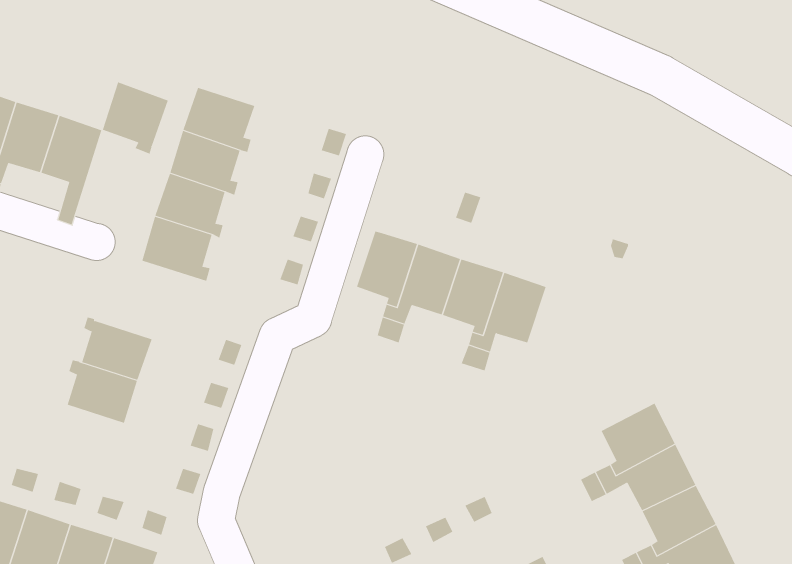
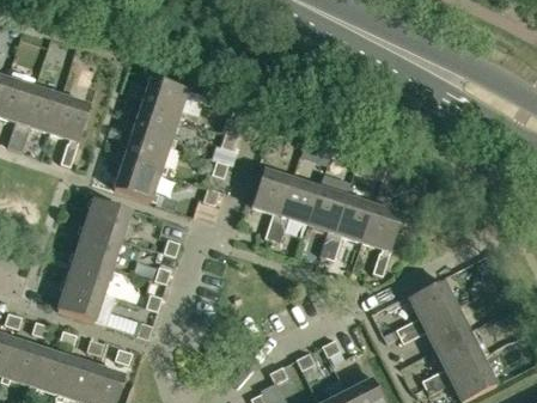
building: [102,82,169,155] -> none
building: none -> [85,194,130,237]
building: none -> [362,203,403,274]
building: none -> [57,277,115,323]

